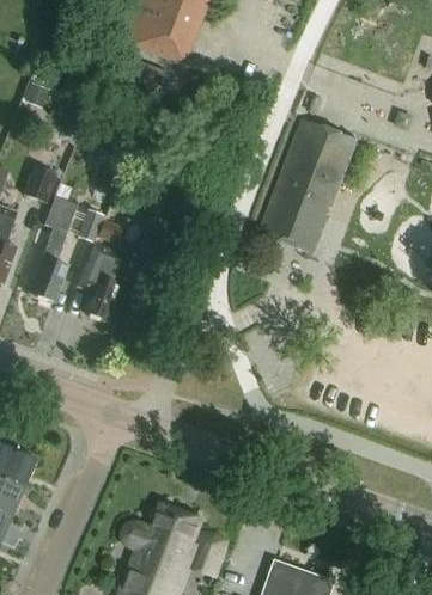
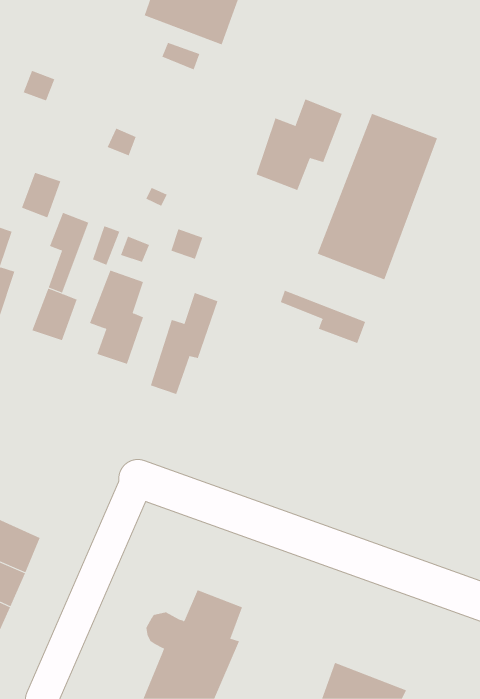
building: none -> [256,99,343,191]
building: none -> [280,290,366,344]
building: none -> [150,292,218,395]

